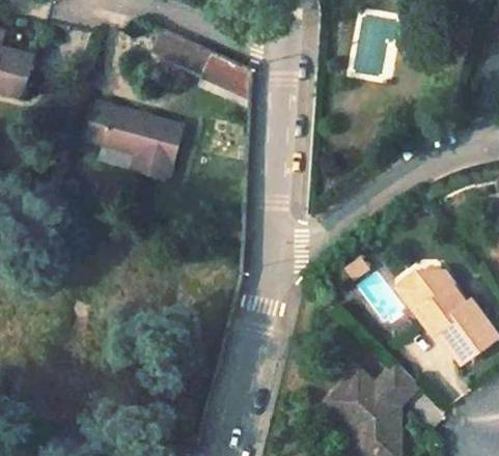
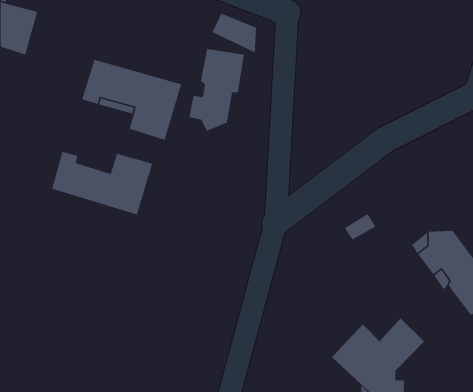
building: none -> [189,48,245,132]
building: none -> [51,151,153,216]

